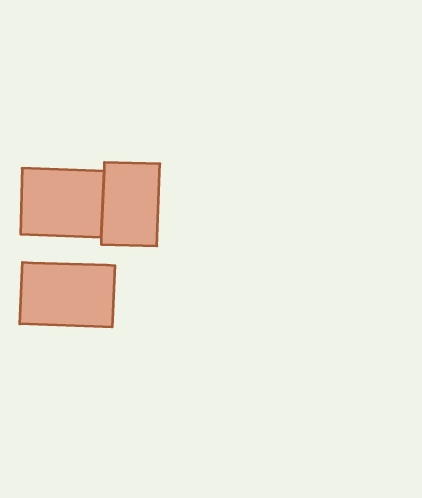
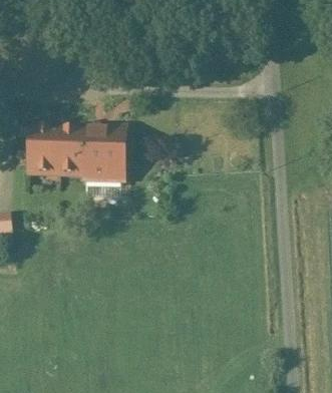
building: [20,262,115,327] -> none

